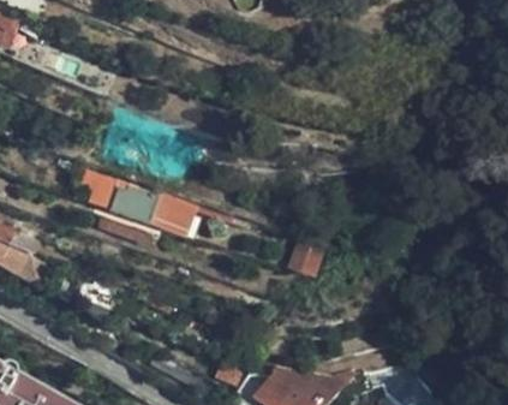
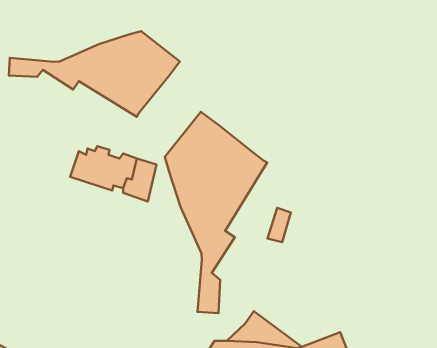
building: none -> [9,31,180,117]
building: none -> [165,112,267,313]

